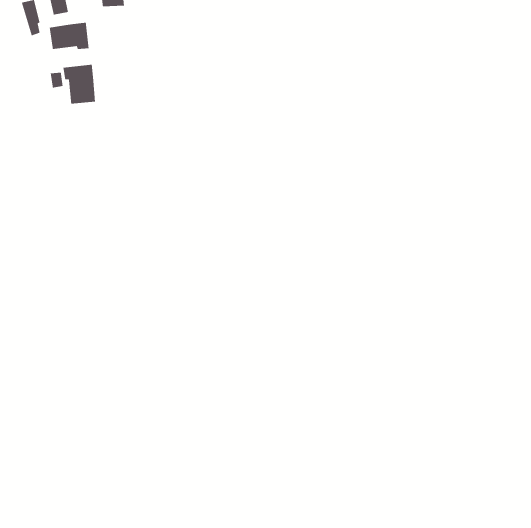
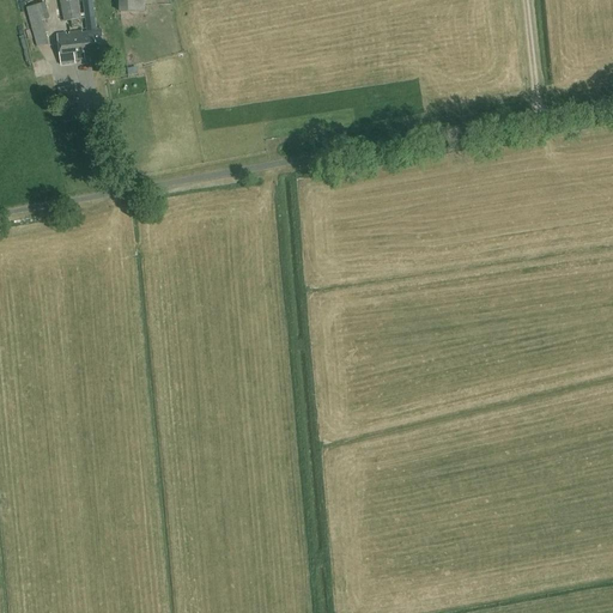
building: [63,64,96,105] -> none

